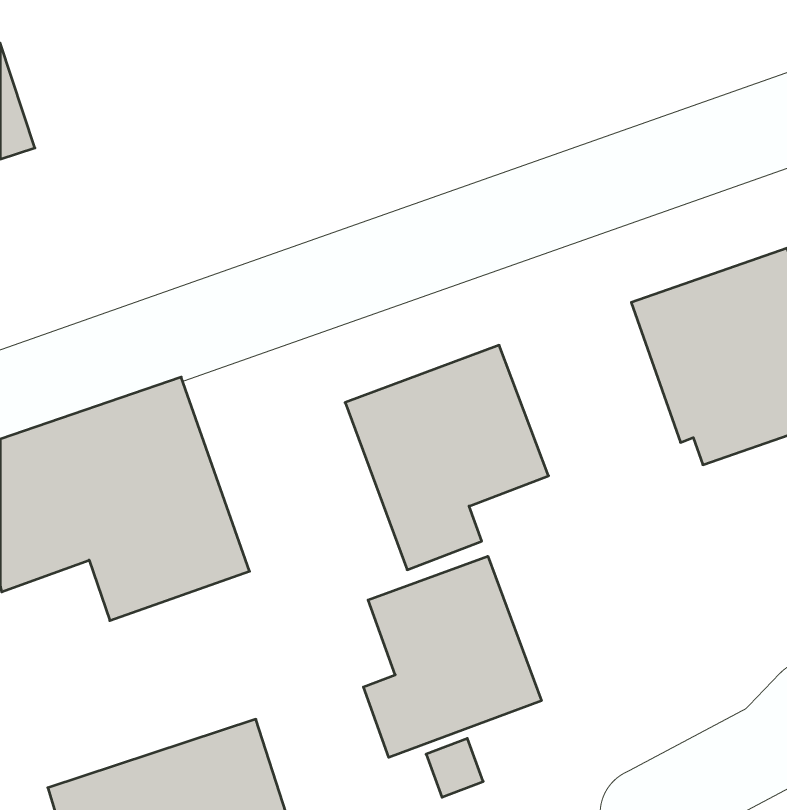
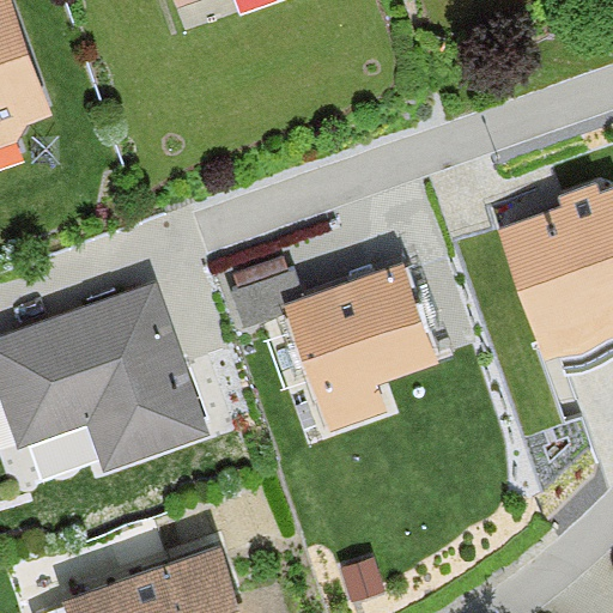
building: [363,556,541,757] -> none

